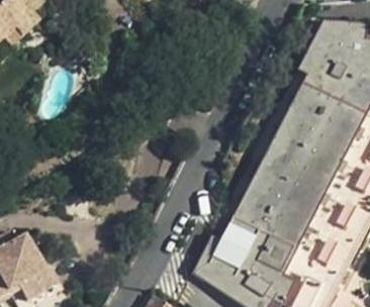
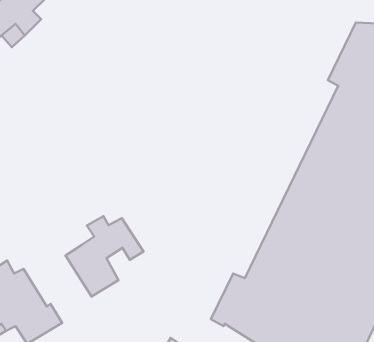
building: none -> [66,216,144,297]

